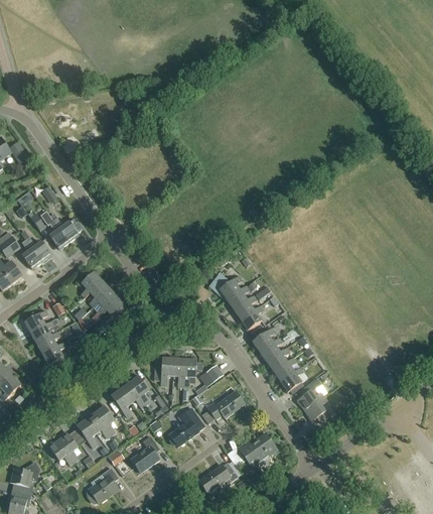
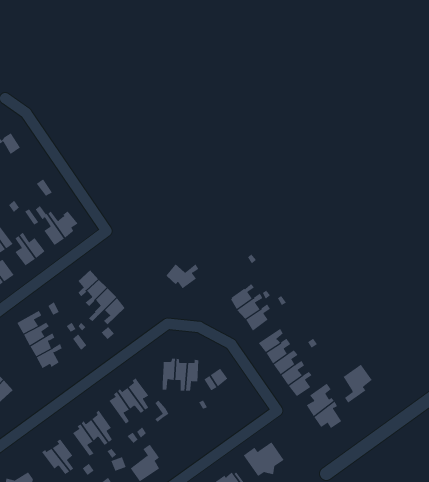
building: [208,270,242,298] -> [164,259,199,289]
building: none -> [343,364,373,404]
building: [202,391,244,423] -> none
building: [169,407,205,446] -> none

